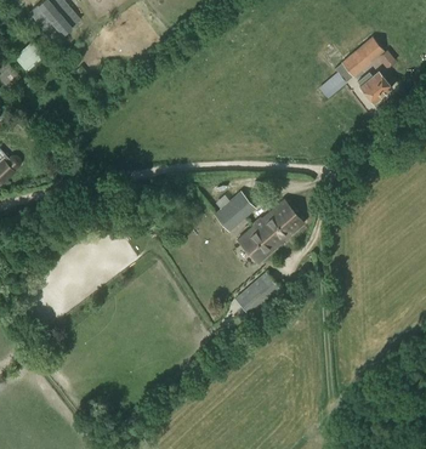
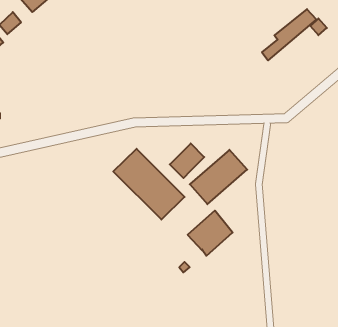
building: [357,72,392,104] -> none
building: none -> [113,149,185,220]

